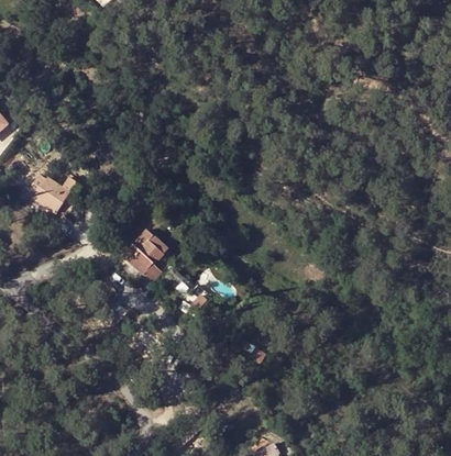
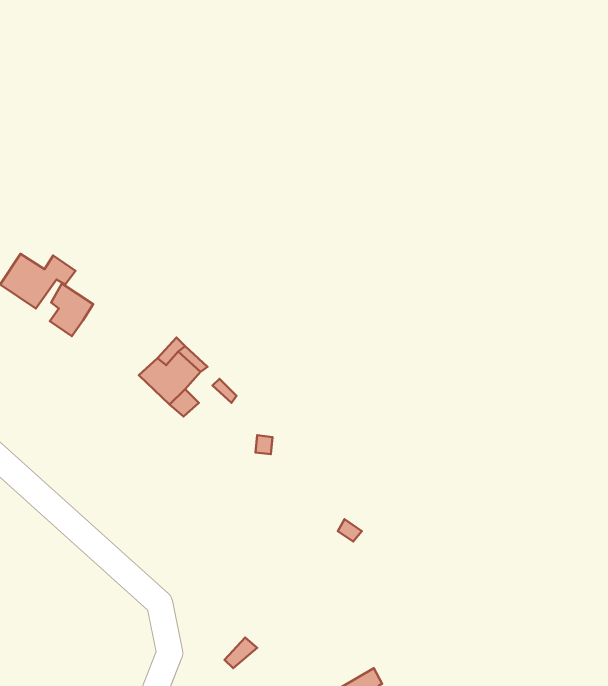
building: none -> [50,284,93,336]

